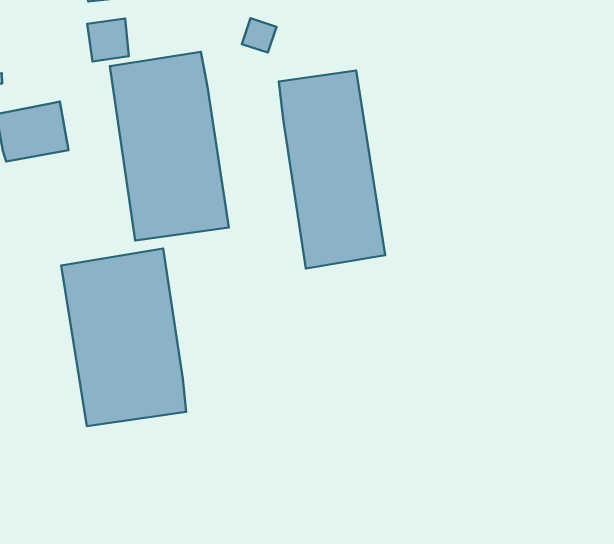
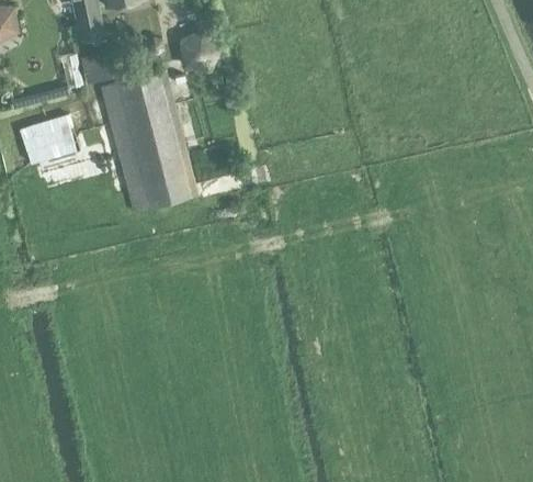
building: [279,71,385,269] -> none
building: [61,249,186,426] -> none

